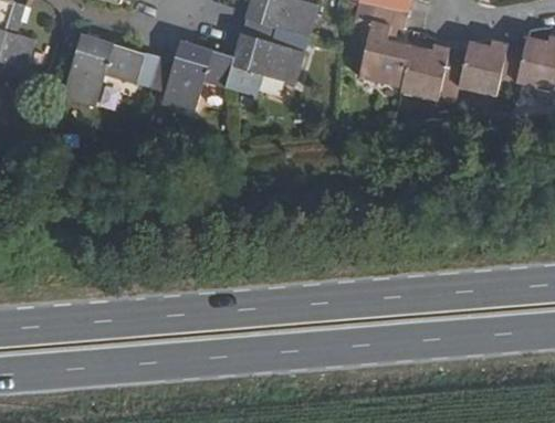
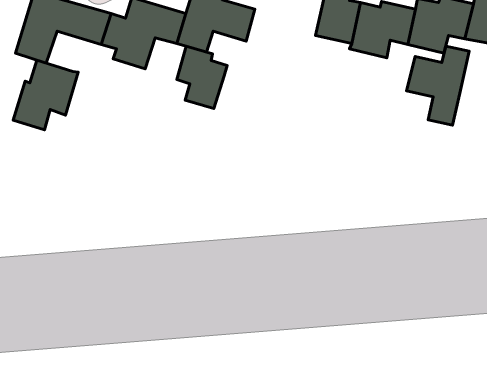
building: none -> [407,46,469,125]
building: none -> [177,46,227,109]
building: none -> [13,60,78,130]

